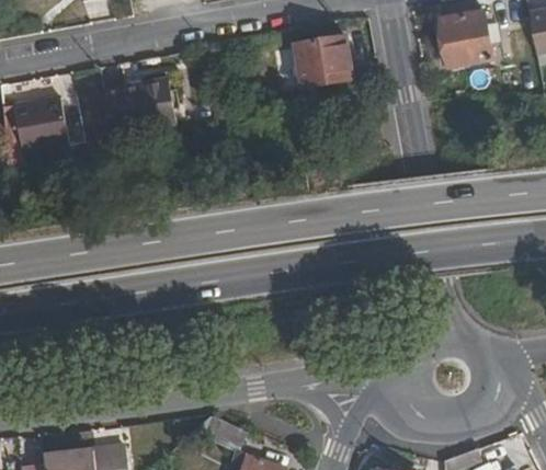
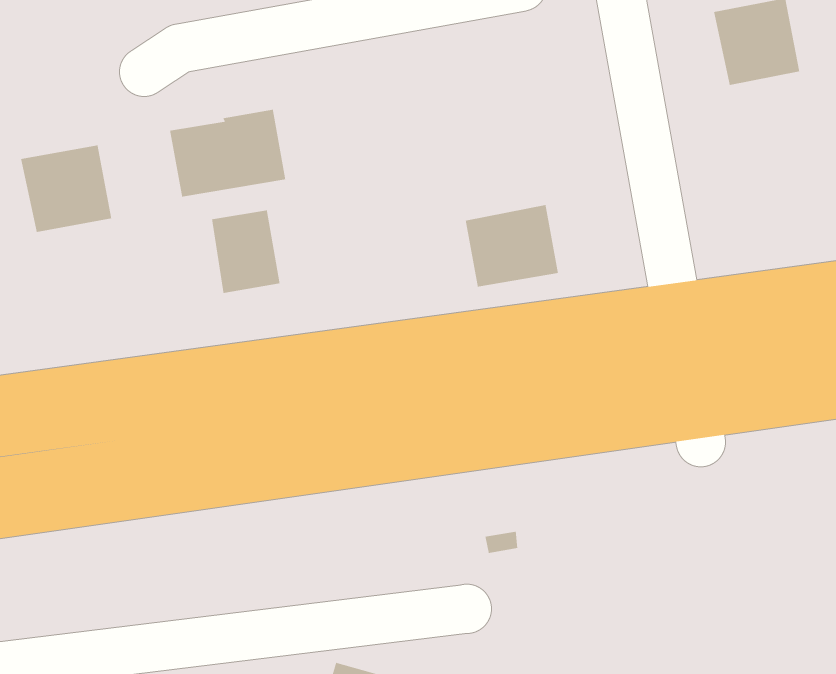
building: [298,33,356,84] -> [465,204,559,288]
building: none -> [211,209,281,294]

